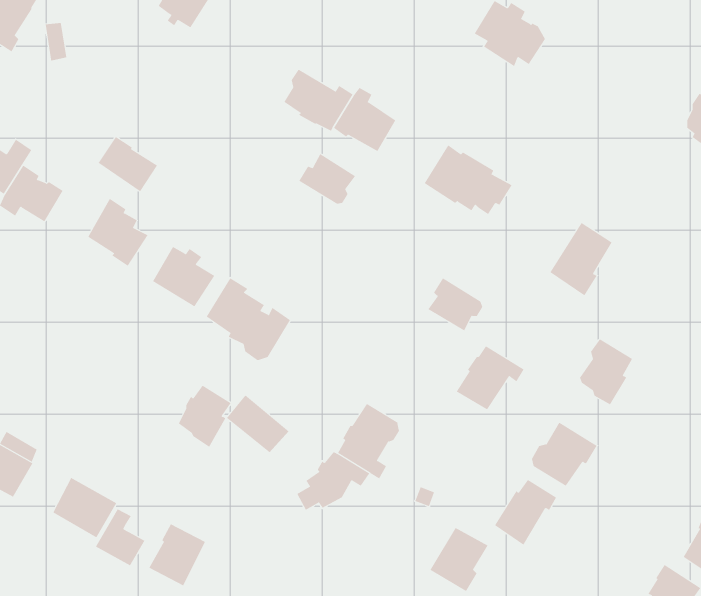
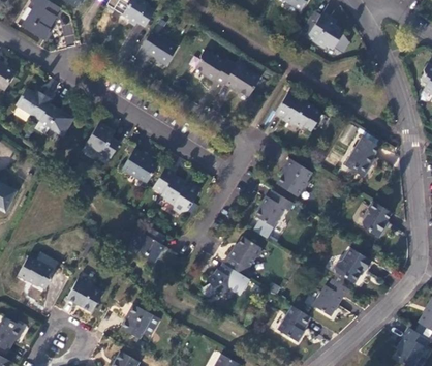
building: none -> [141,34,177,65]
building: [98,136,158,192] -> none
building: [299,153,356,204] -> none
building: [456,345,524,410] -> [254,190,292,226]
building: [226,394,290,453] -> none
building: [95,509,145,566] -> none

